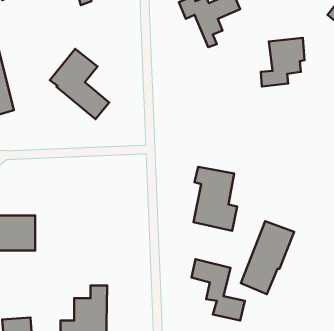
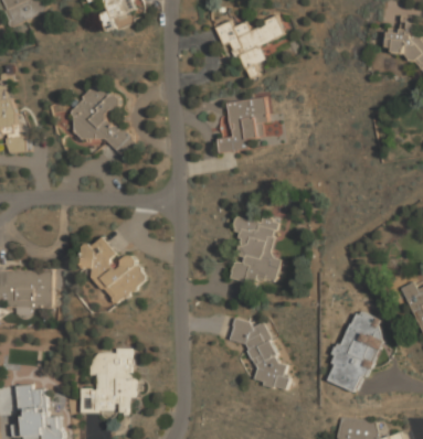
building: [261,38,305,86] -> [216,98,266,153]
building: none -> [80,237,147,303]
building: [241,221,294,294] -> [325,311,385,394]

